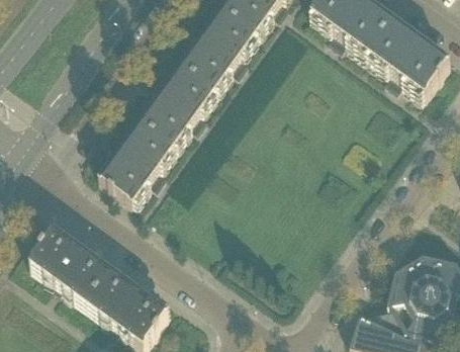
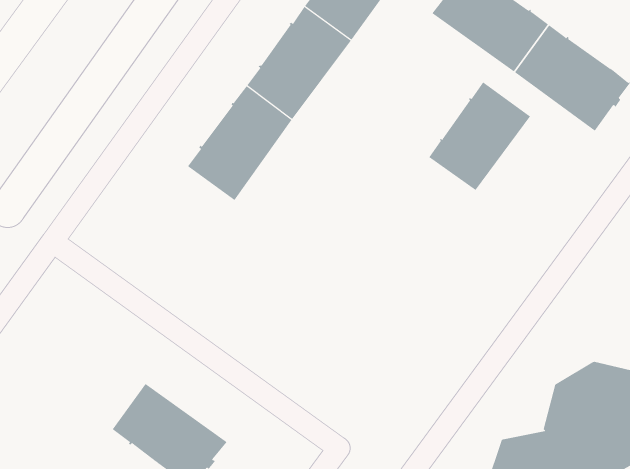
building: none -> [428,82,531,191]
building: [98,118,174,199] -> none
building: [30,229,111,302] -> none

